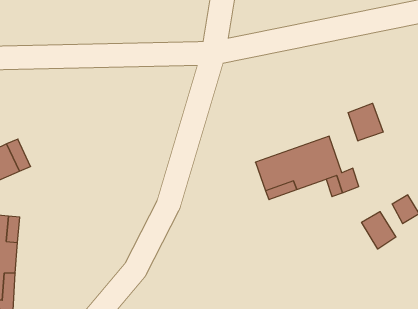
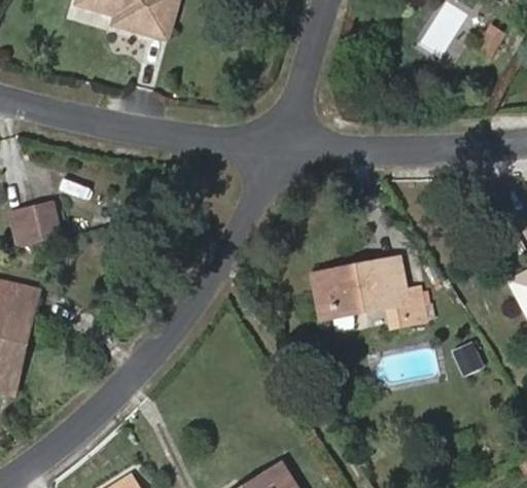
building: [348,103,383,141] -> none
building: [362,212,396,249] -> none

